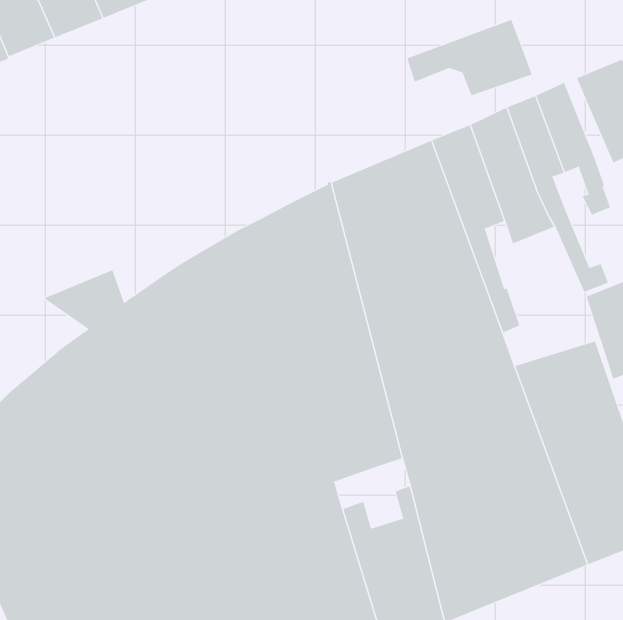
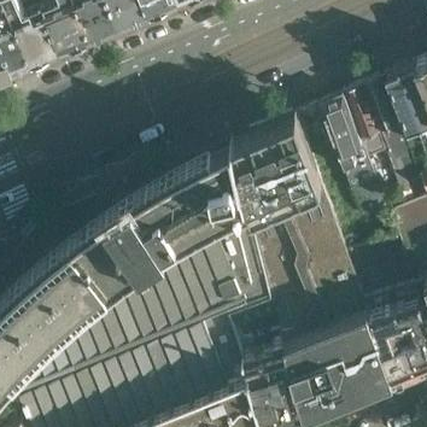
building: [407,19,532,96] -> none

